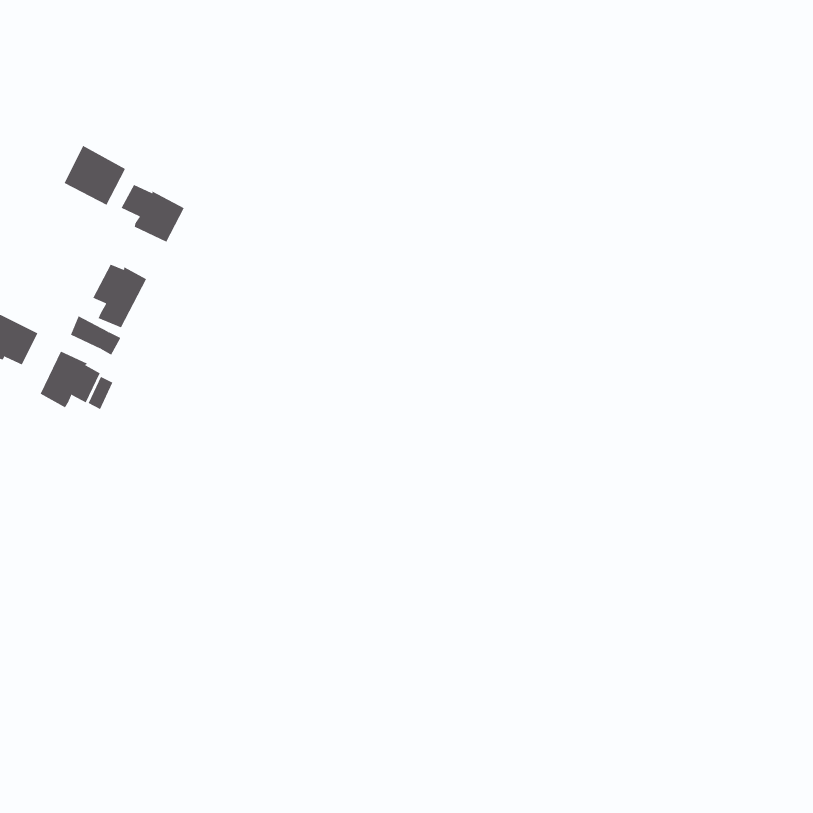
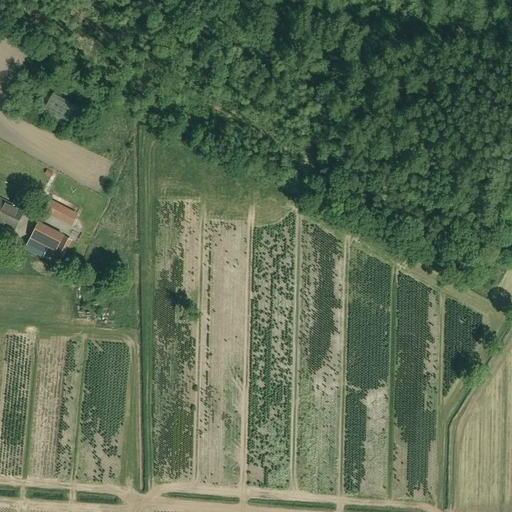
building: [121,184,185,242] -> none
building: [92,264,147,328] -> none

